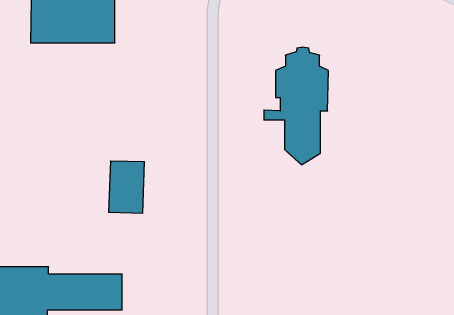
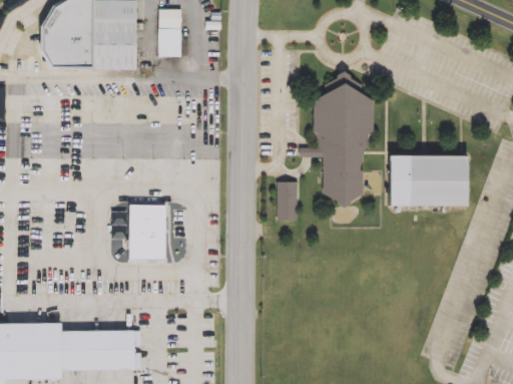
building: none -> [159,28,181,57]
building: none -> [389,157,466,208]
building: none -> [281,179,301,219]

